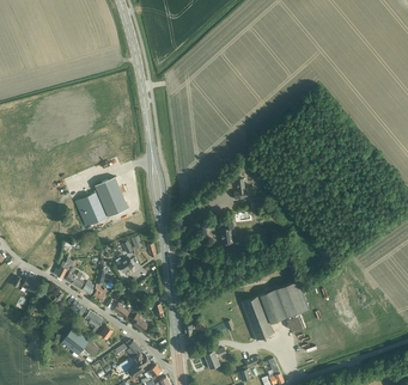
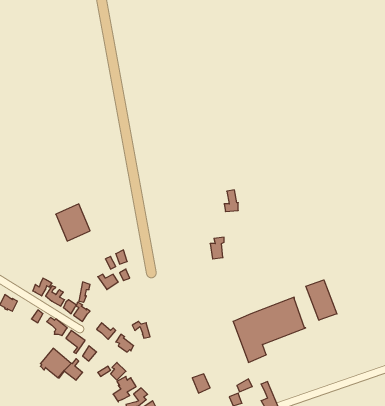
building: [93,177,127,218] -> none
building: none -> [306,280,337,320]

